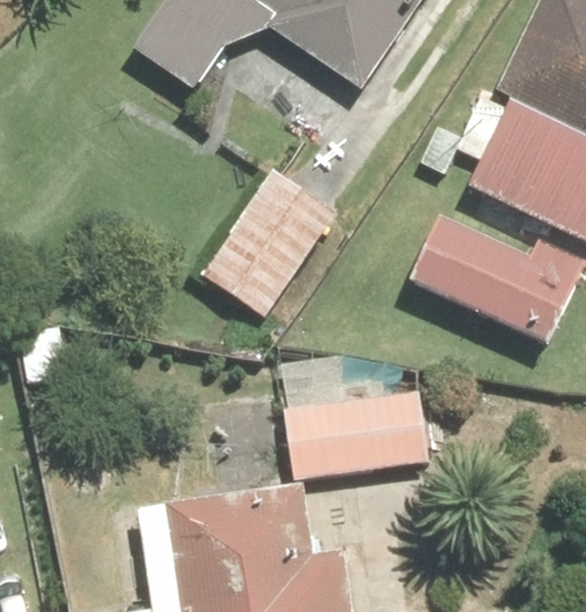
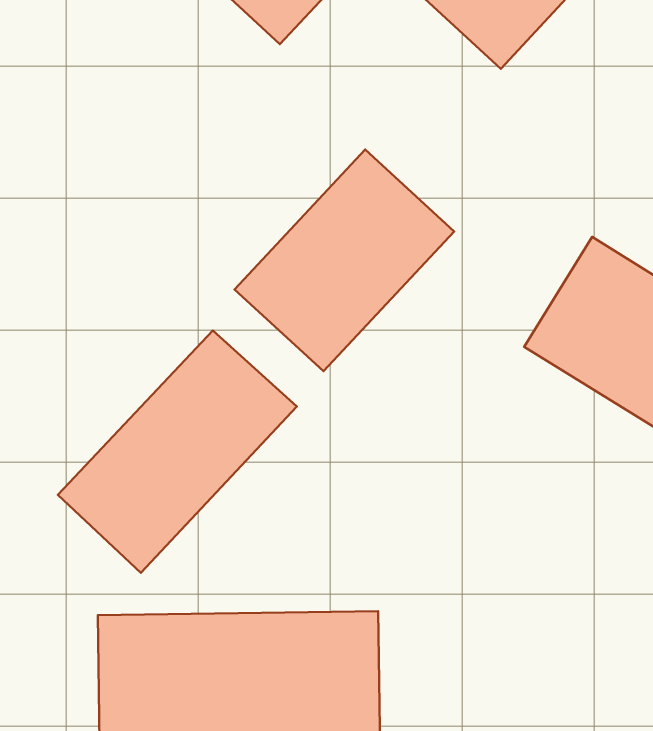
building: none -> [58,330,297,573]
building: [285,381,428,476] -> none

